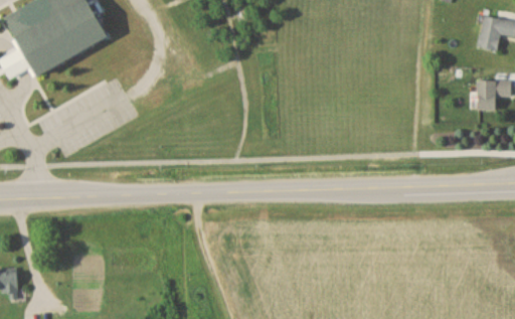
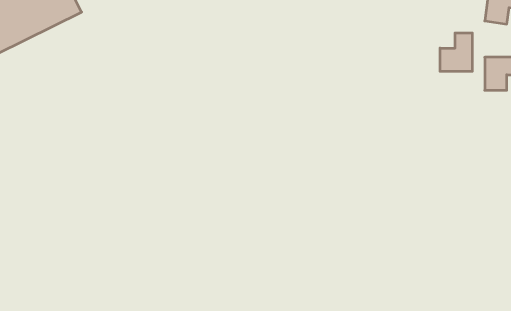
building: none -> [440,33,472,71]

